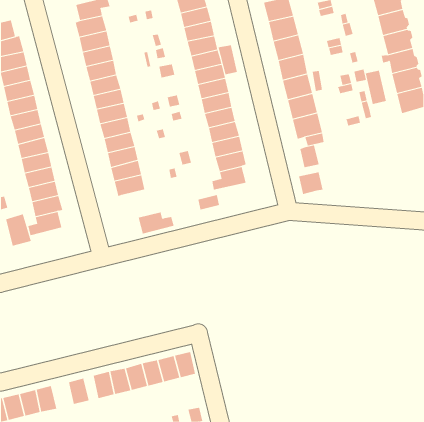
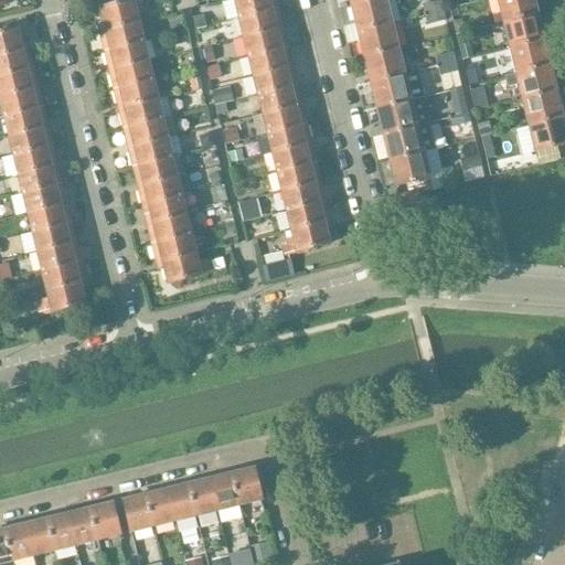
building: [218,44,238,75] -> none
building: [365,70,387,105] -> none
building: [299,171,323,195] -> none
building: [138,212,174,234] -> [162,252,211,281]
building: [6,213,31,246] -> none
building: none -> [68,508,97,543]

